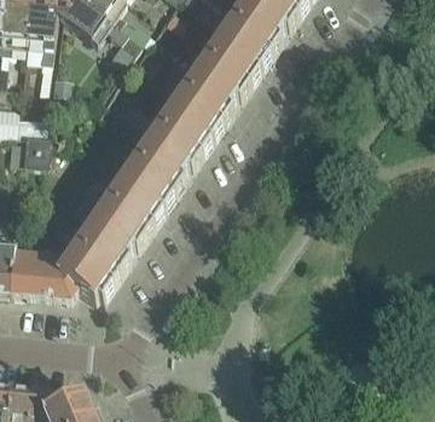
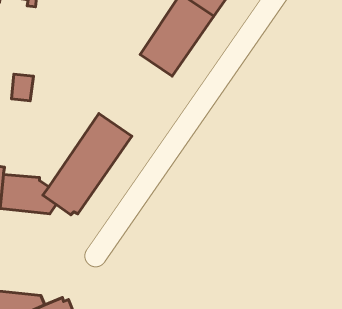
building: [118,106,204,202] -> none

